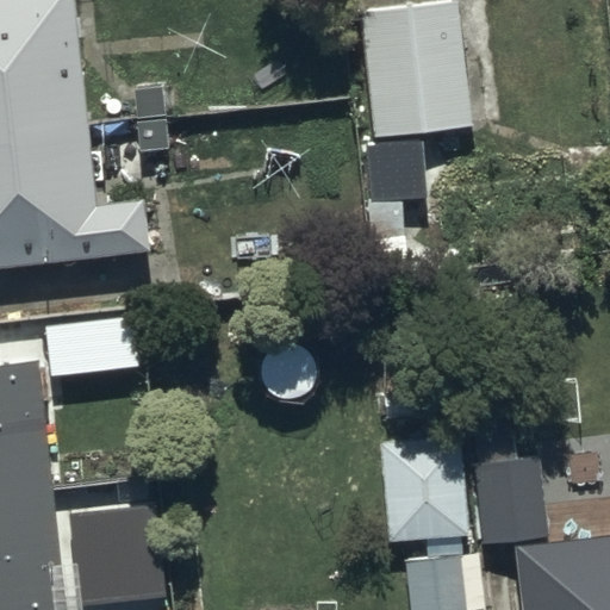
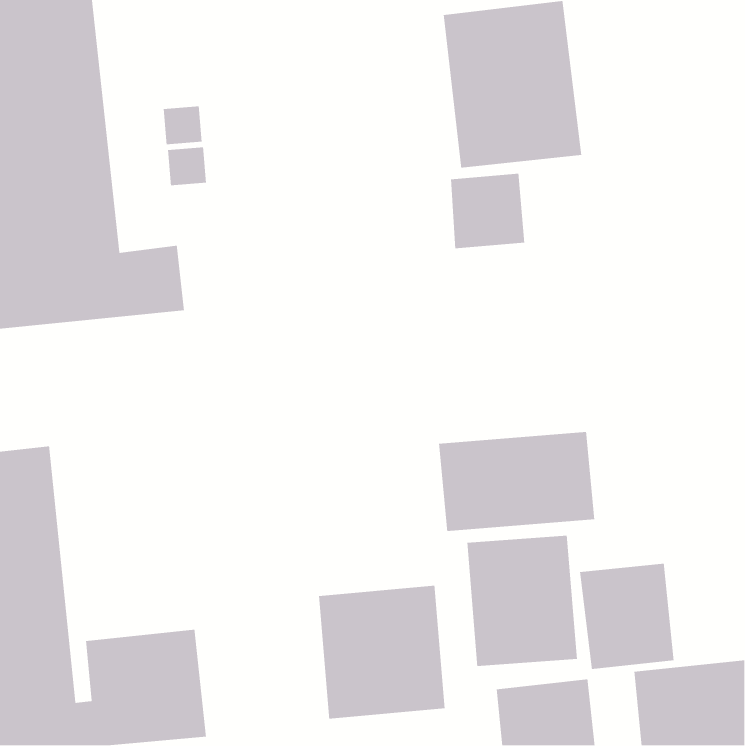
building: none -> [438,431,595,532]
building: none -> [318,585,445,719]

